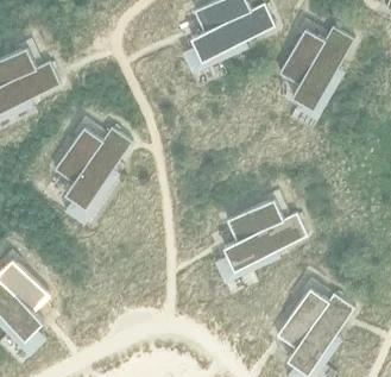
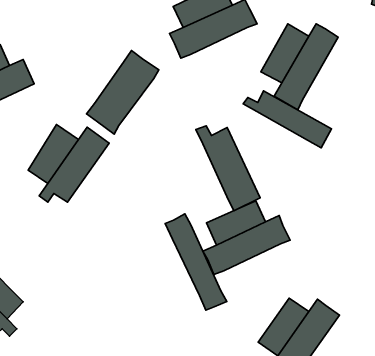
building: none -> [87,51,159,134]
building: none -> [243,91,332,148]
building: none -> [196,126,260,211]
building: none -> [165,214,227,310]

